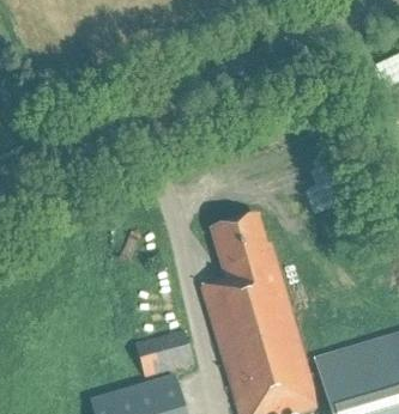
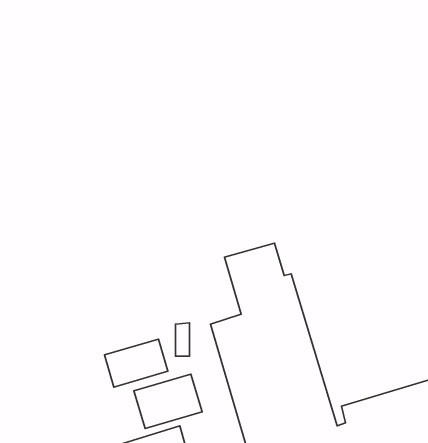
building: none -> [105,339,168,387]

